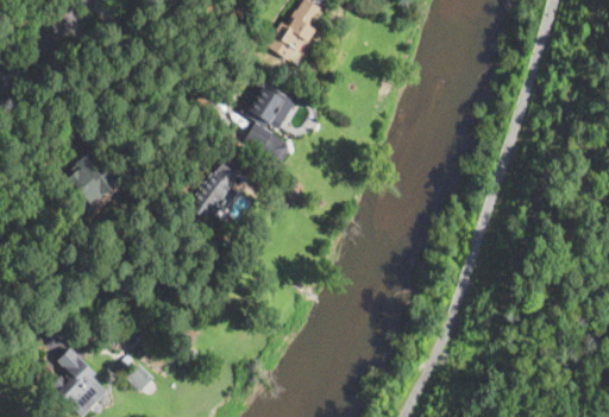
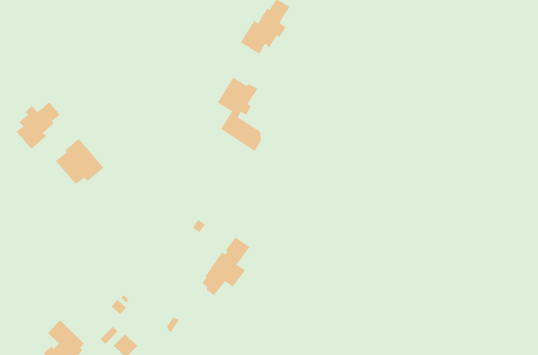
building: none -> [15,101,61,150]
building: [190,157,244,222] -> [201,236,250,296]

